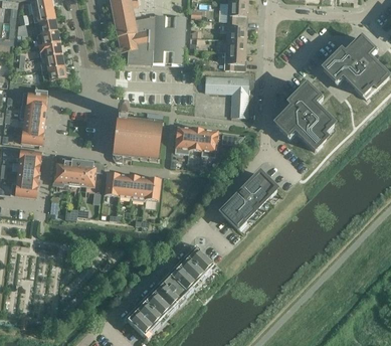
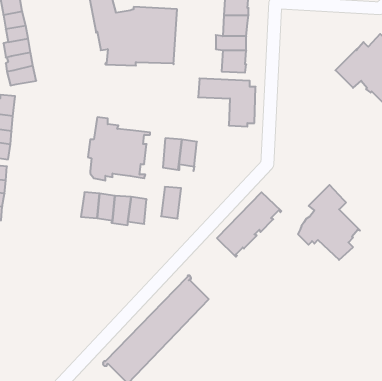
building: [279,84,333,149] -> [298,185,360,260]
building: [201,129,218,156] -> [161,187,181,219]
building: [54,157,104,185] -> none

